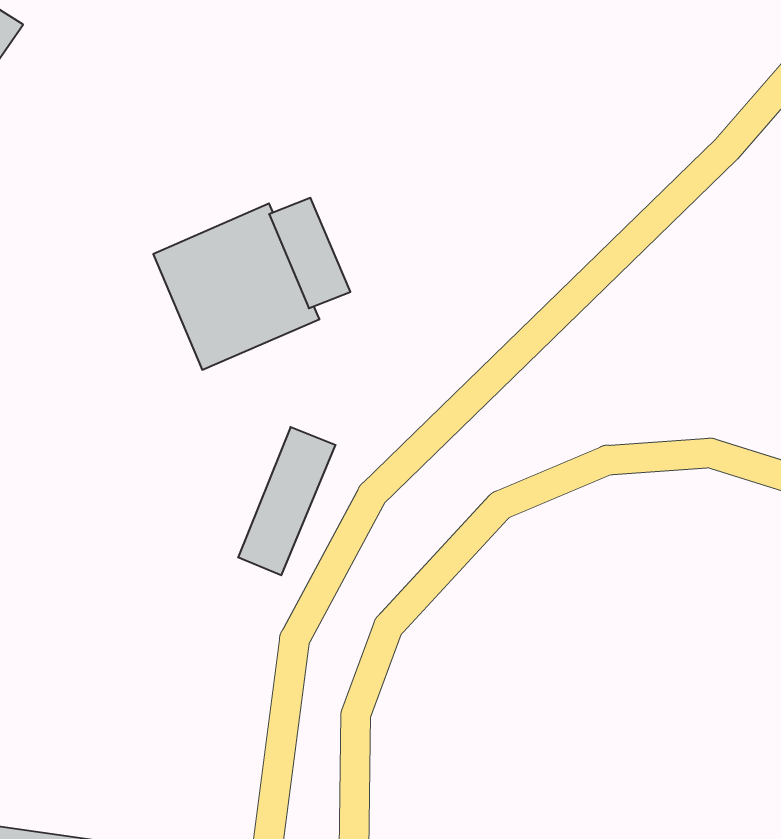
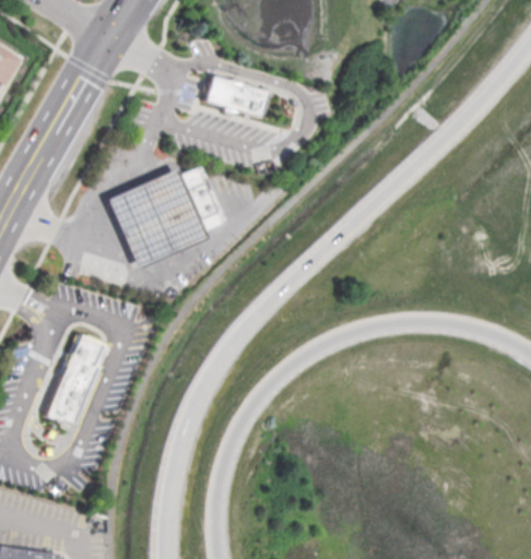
building: none -> [204,76,268,116]
building: [238,427,336,575] -> [49,335,108,425]

